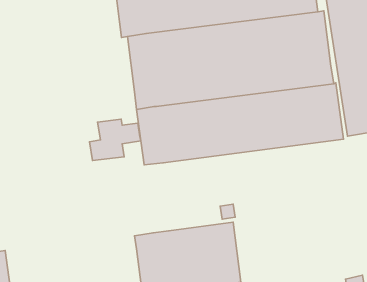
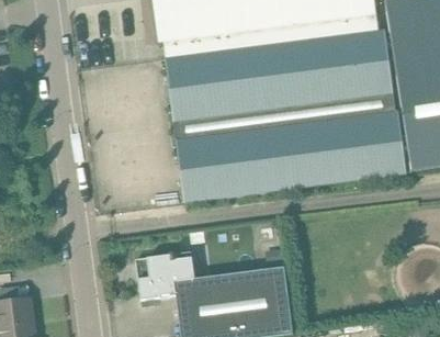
building: [90,119,141,161] -> [138,252,195,299]

